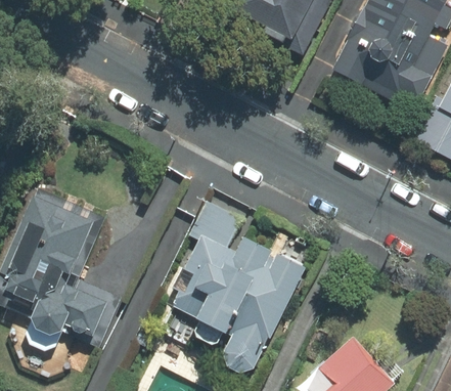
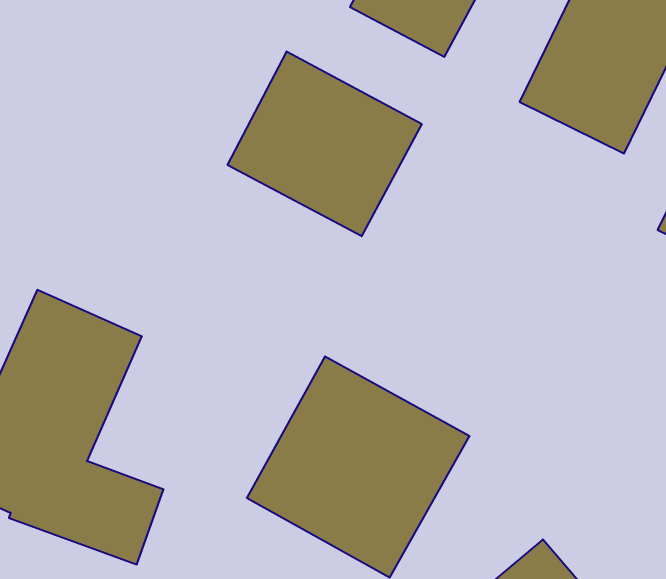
building: none -> [228,51,422,236]

